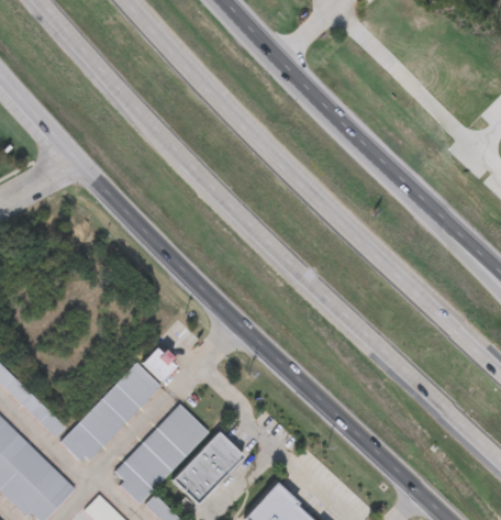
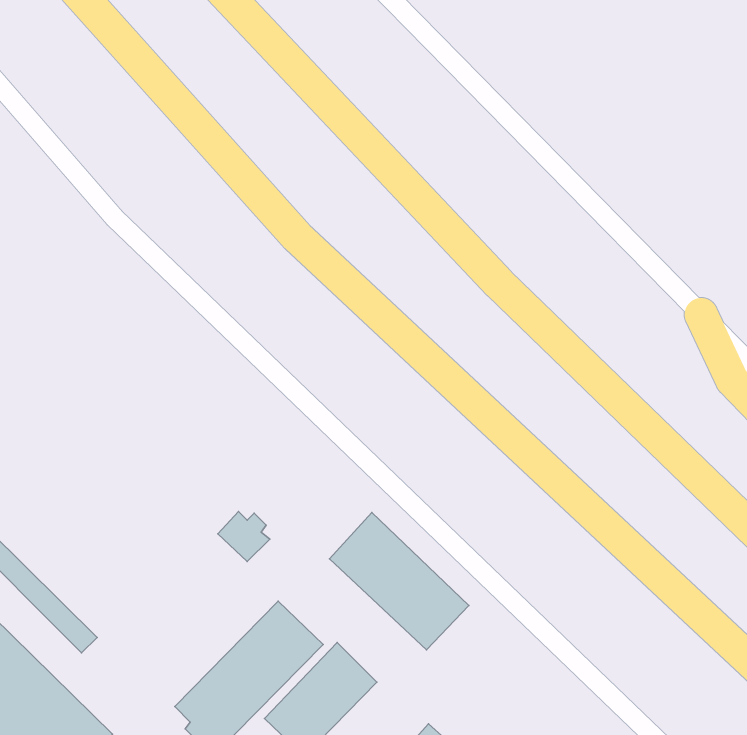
building: none -> [330,513,469,650]
building: [60,364,159,462] -> none

